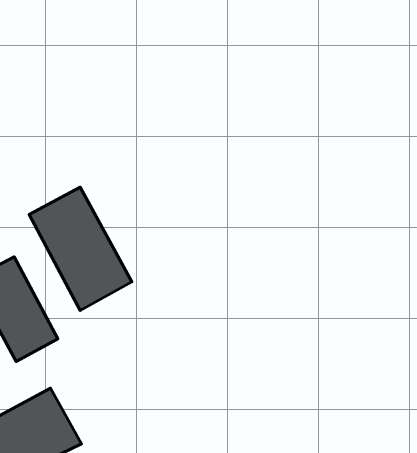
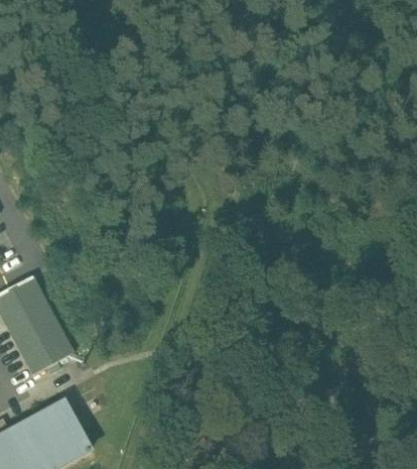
building: [29,187,132,311] -> none

